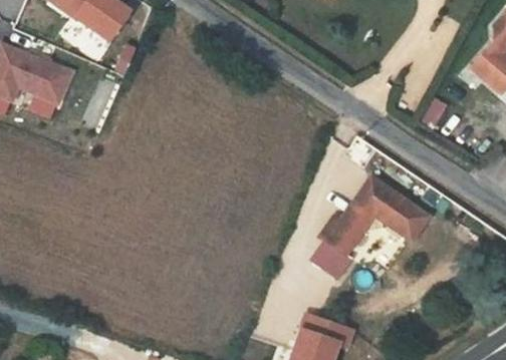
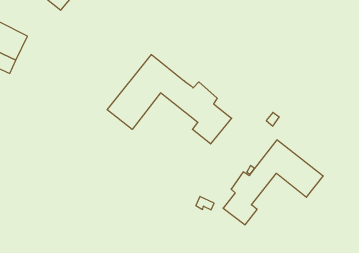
building: none -> [107,55,232,144]

